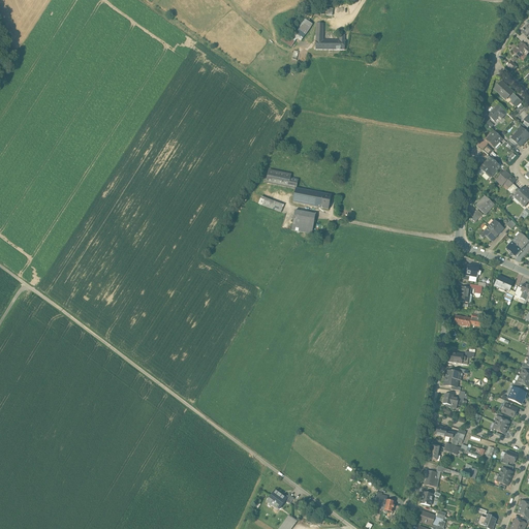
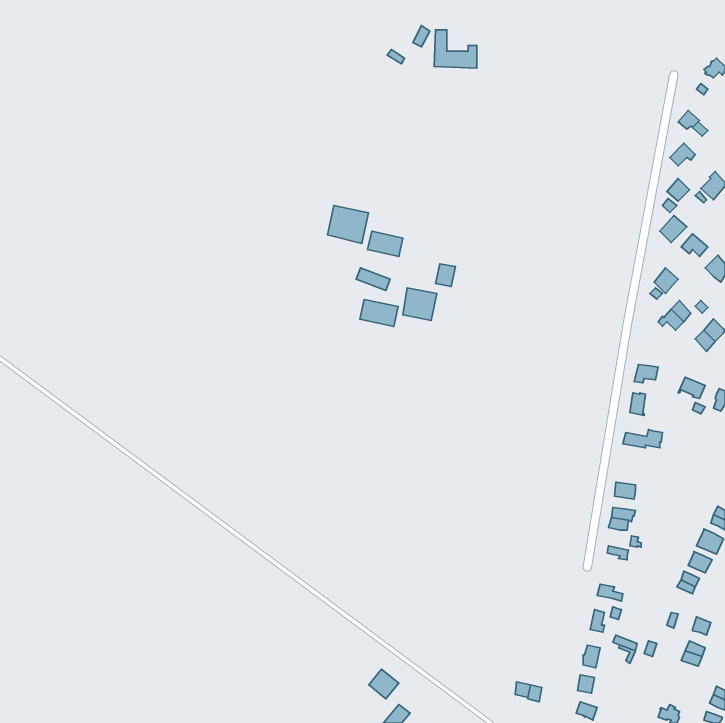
building: none -> [328,206,369,243]
building: [292,187,320,207] -> [360,299,398,326]

